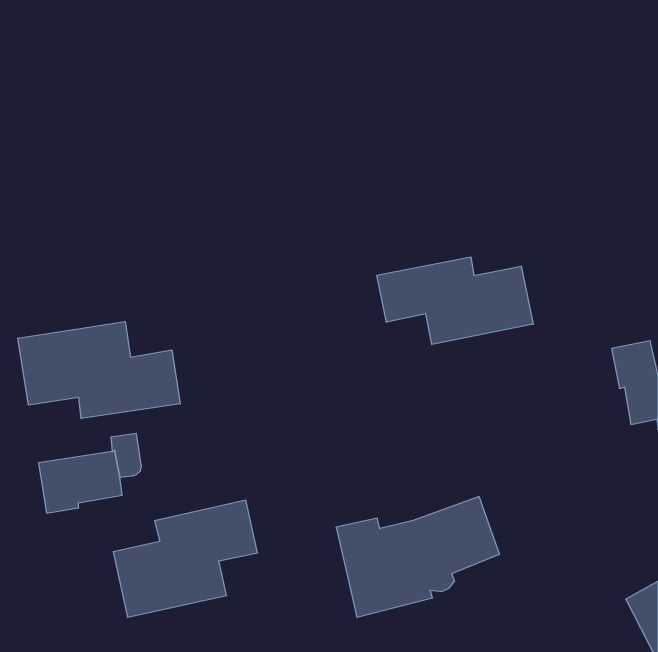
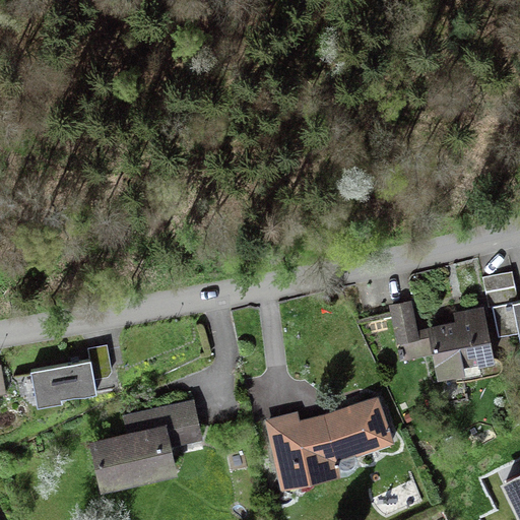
building: [377,257,533,345] -> none
building: [18,322,180,419] -> none
building: none -> [389,302,495,380]

